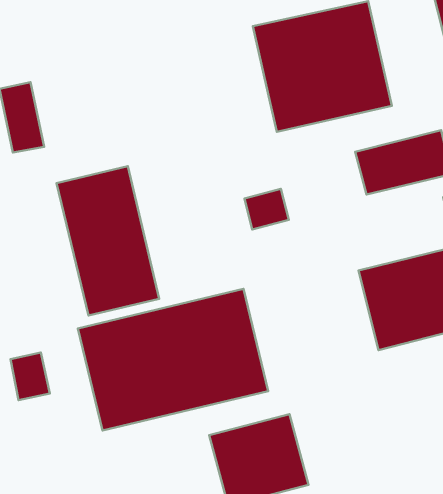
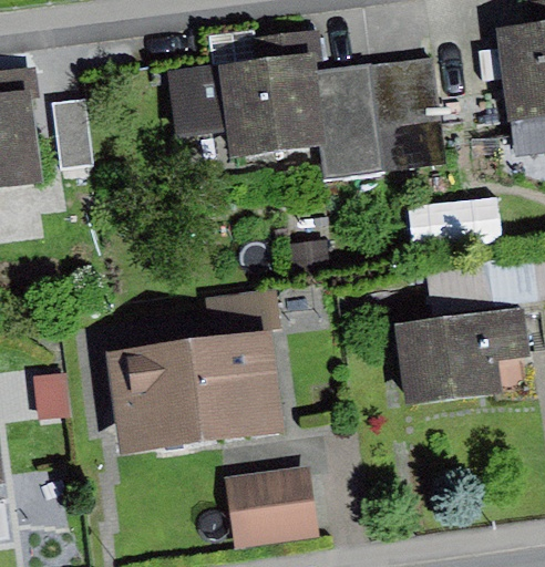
building: none -> [164,54,323,157]
building: [56,166,159,316] -> none

